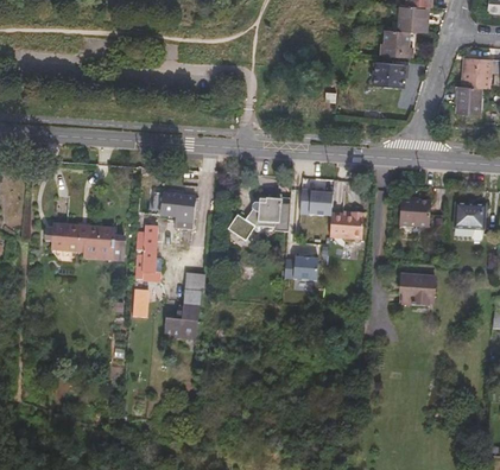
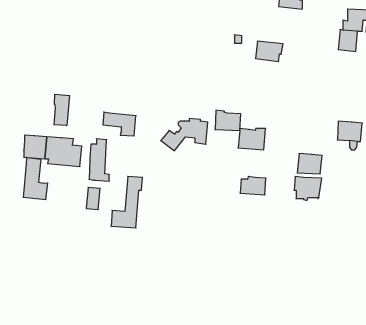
building: [372,61,407,87] -> [256,41,283,61]
building: none -> [54,94,70,126]
building: [399,198,431,224] -> [297,154,322,174]
building: none -> [23,157,48,200]
building: [284,255,317,279] -> [240,176,266,195]

